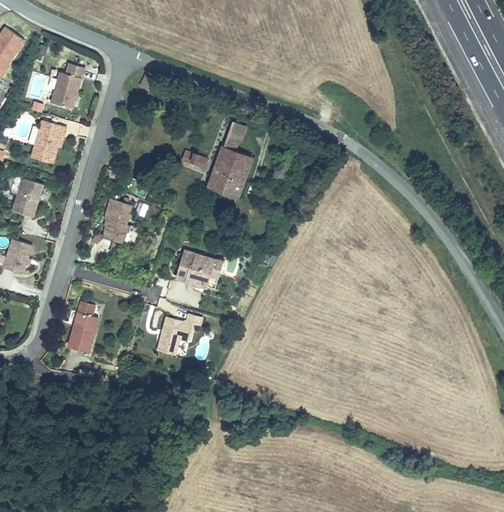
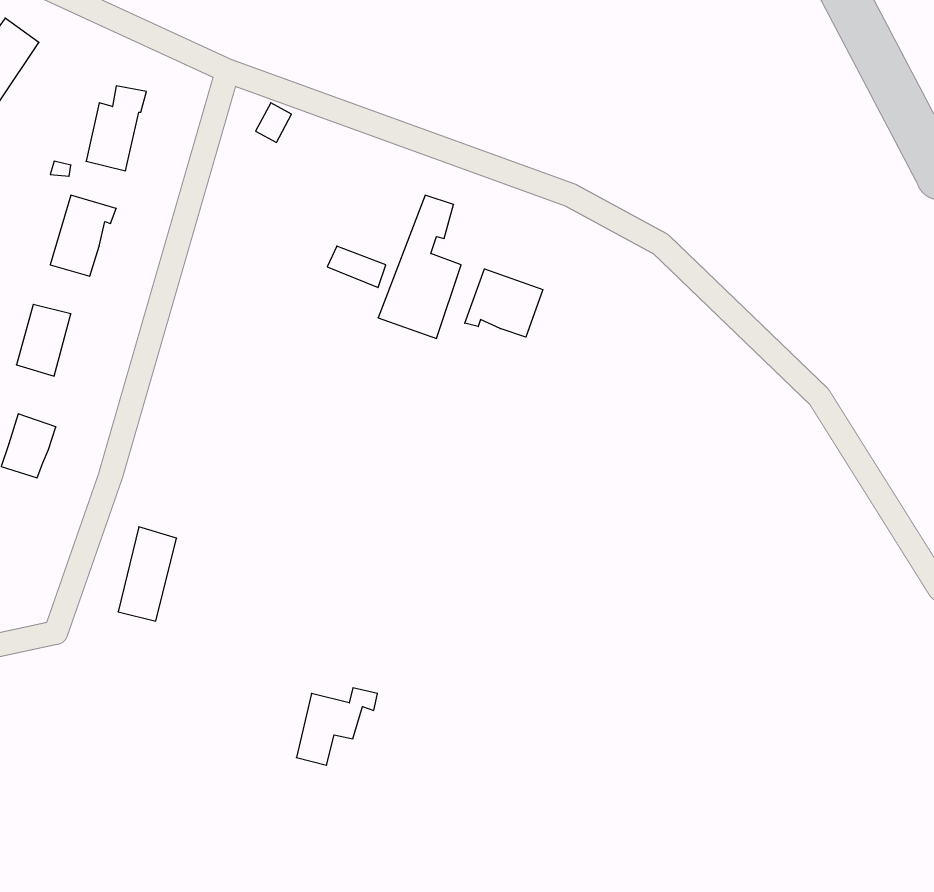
building: none -> [465,269,543,337]
building: [100,199,129,243] -> none
building: [174,246,213,282] -> none
building: [157,309,200,350] -> [296,688,377,765]

